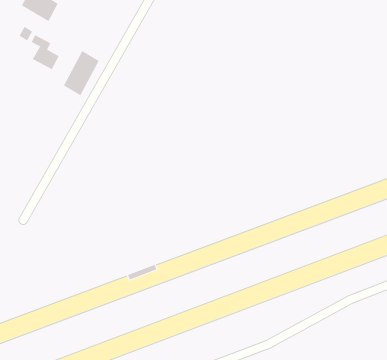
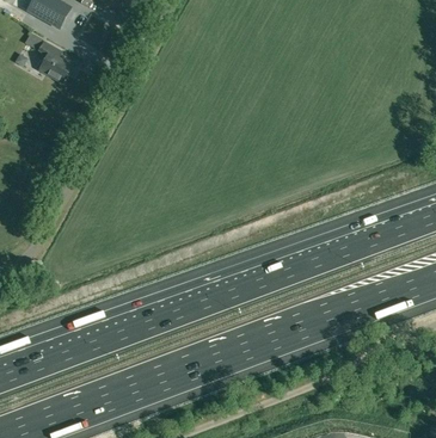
building: [63,50,99,96] -> none

